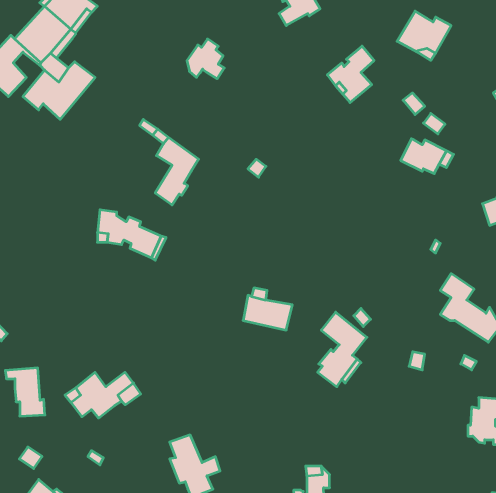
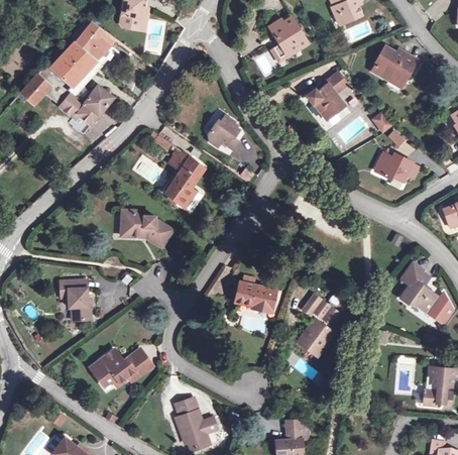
building: [187,39,224,79] -> [205,114,236,147]
building: [5,368,45,416] -> [56,280,90,321]

